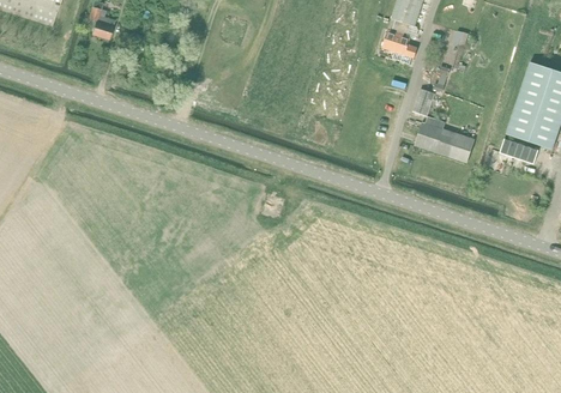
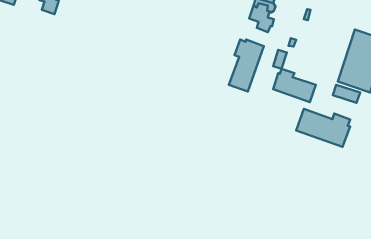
building: none -> [229,39,264,91]
building: none -> [296,109,350,147]

